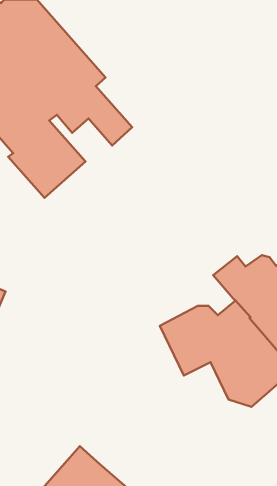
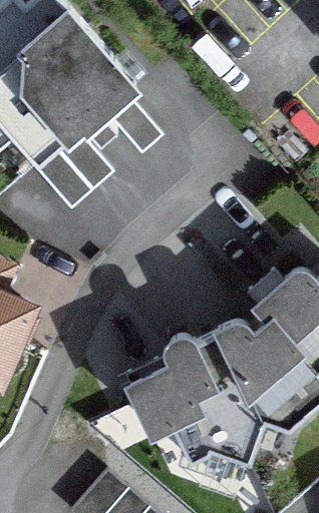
building: none -> [122,337,260,462]

